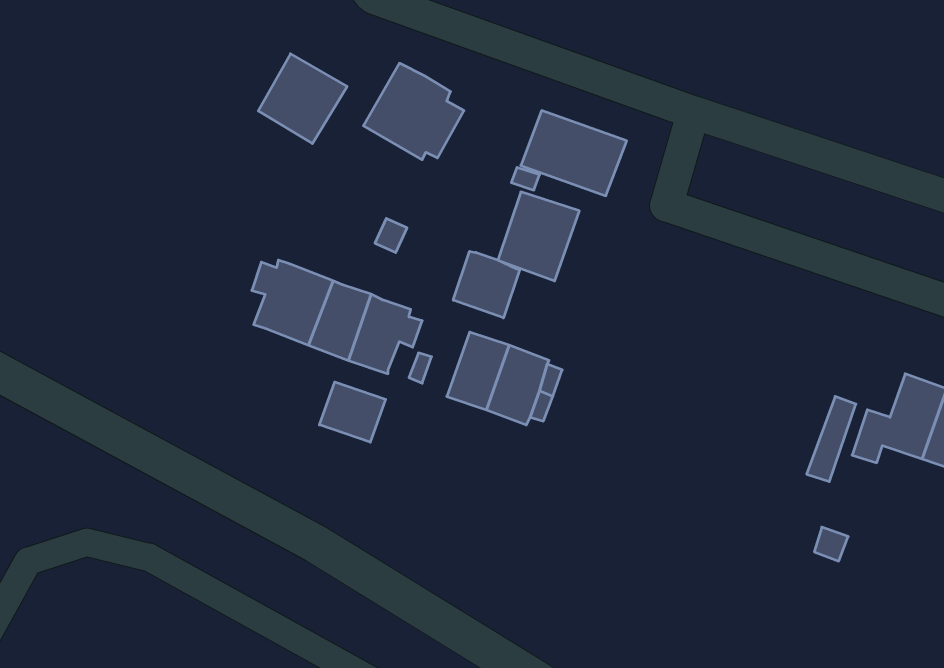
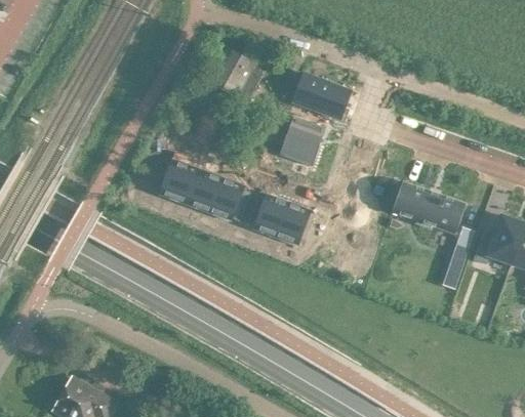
building: [258,54,347,144] -> none
building: [453,251,520,318] -> none
building: none -> [391,182,463,235]
building: [319,382,386,442] -> none

